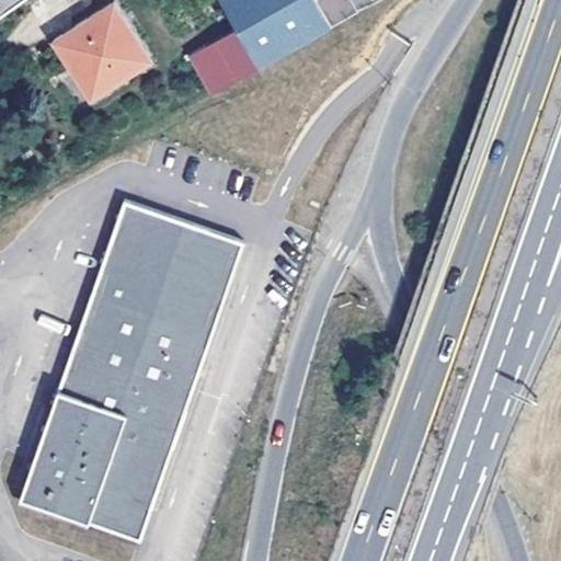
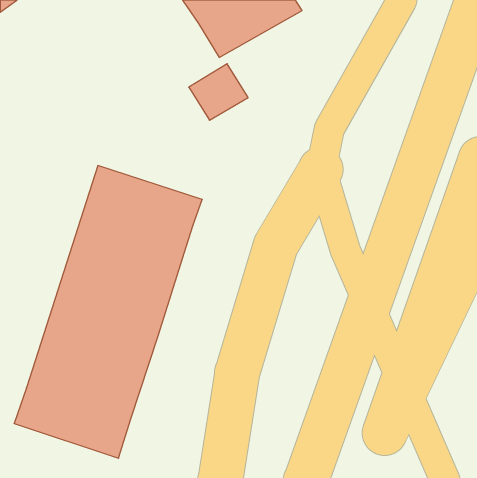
building: [55,10,152,106] -> none
building: [191,31,260,96] -> [189,64,248,120]

